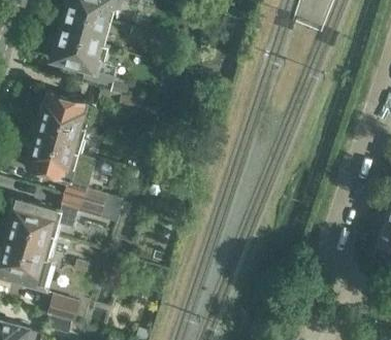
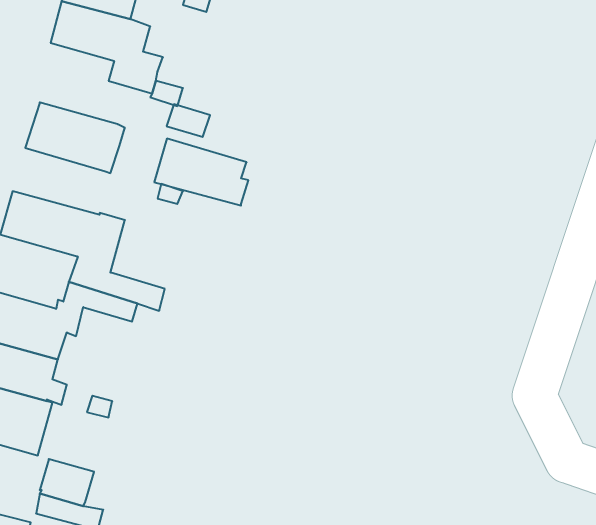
building: [32,120,86,158] -> [154,139,248,206]

